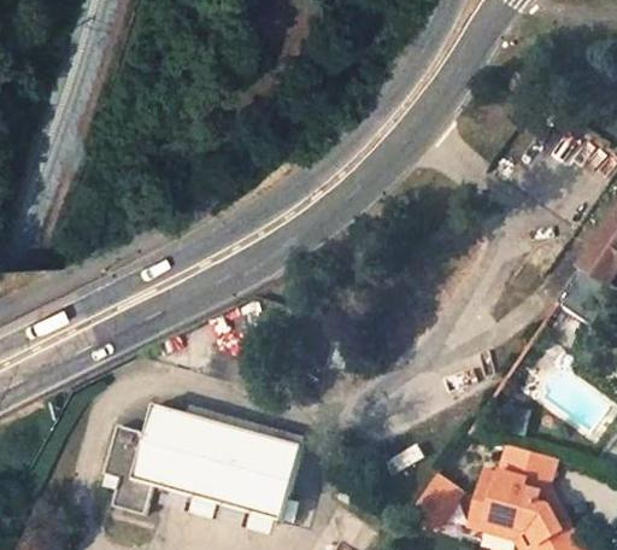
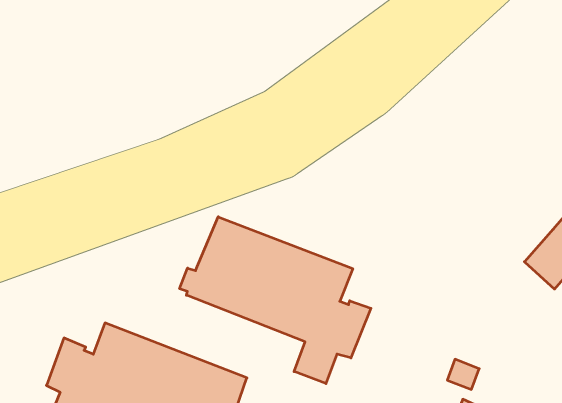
building: none -> [180,217,371,384]

